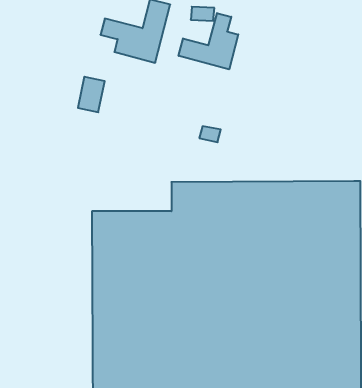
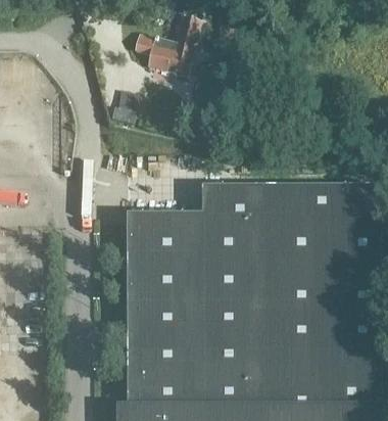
building: [179,13,238,69] -> none

